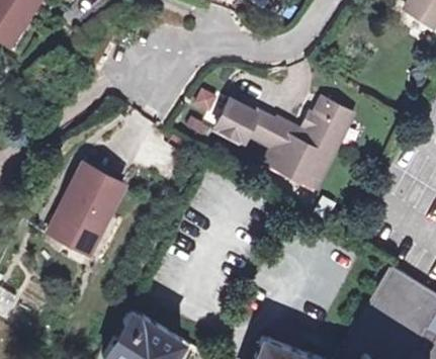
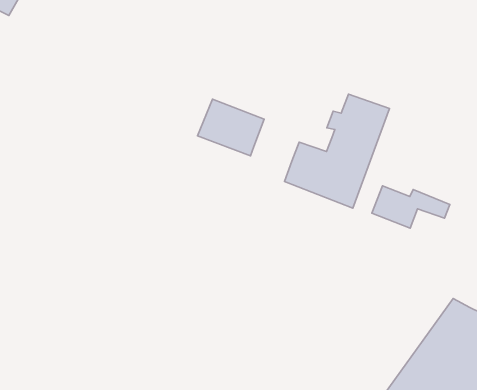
building: [248,114,309,149] -> [372,186,450,228]
building: [49,166,121,254] -> none

